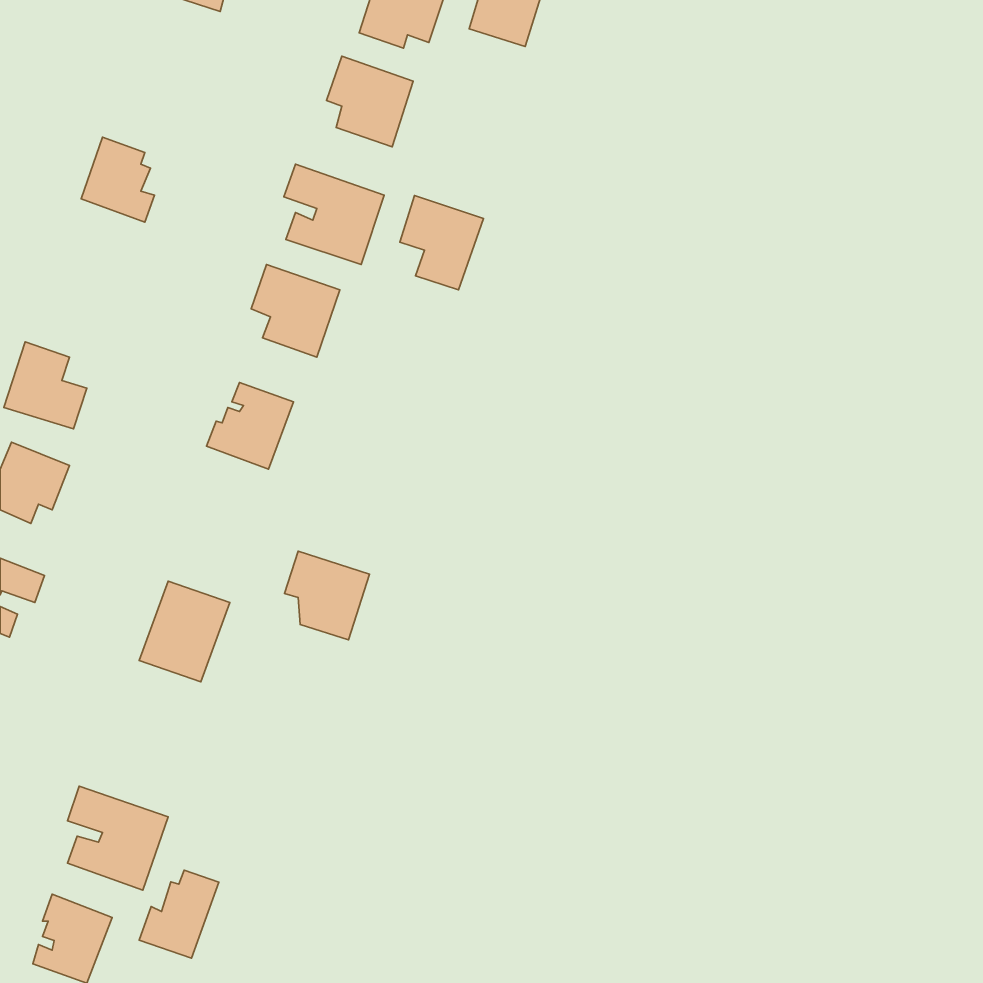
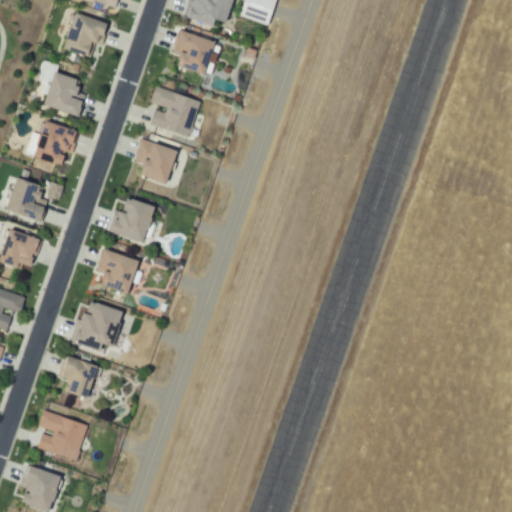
building: none -> [60,10,110,58]
building: [400,196,483,290] -> none
building: none -> [27,117,80,168]
building: [285,551,370,640] -> [95,249,139,295]
building: none -> [59,355,97,400]
building: [139,870,219,958] -> none

